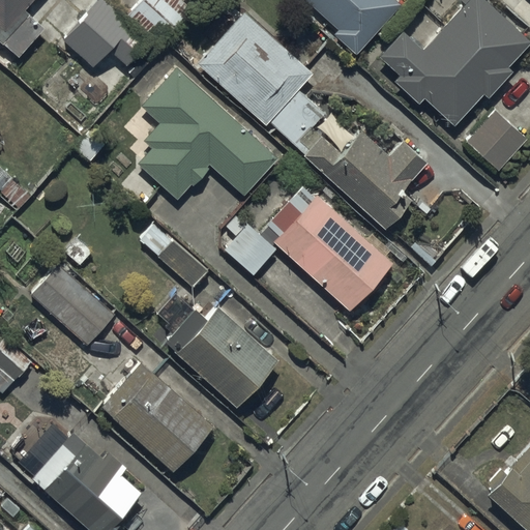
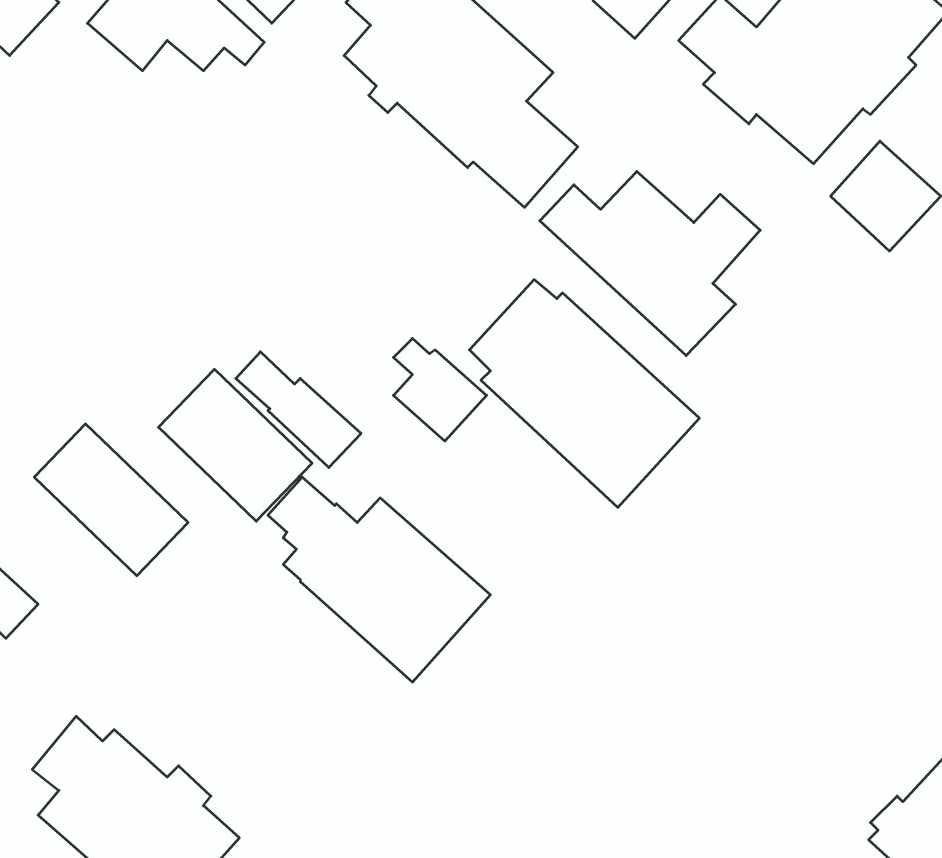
building: [138,69,278,201] -> none
building: none -> [158,369,312,521]
building: [101,363,211,470] -> none

